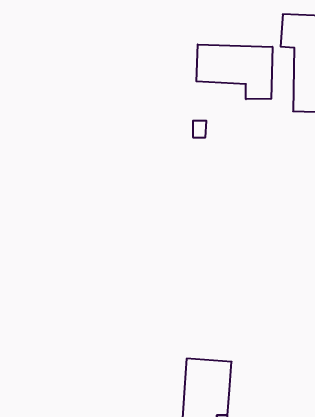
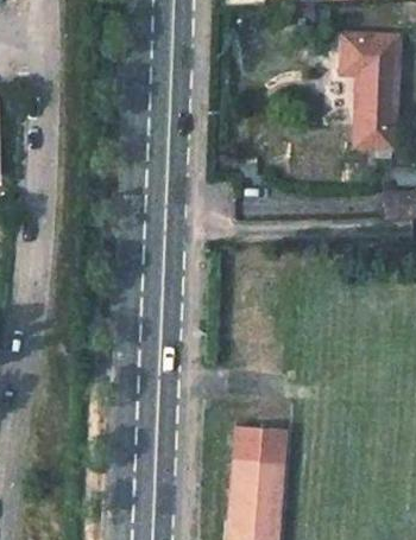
building: [196,44,272,99] -> none

